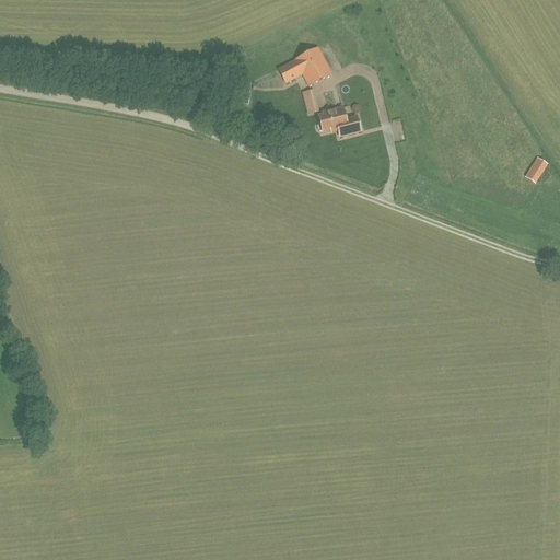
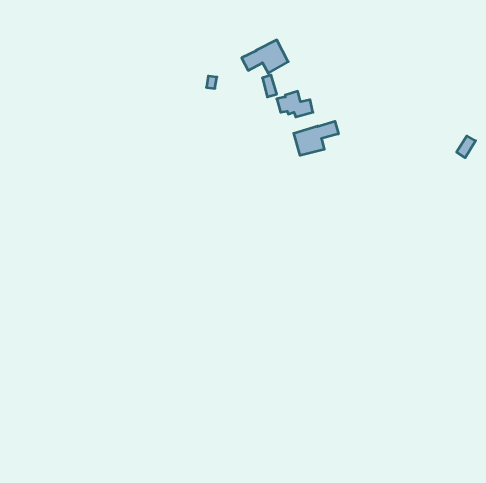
building: none -> [294,121,338,155]

